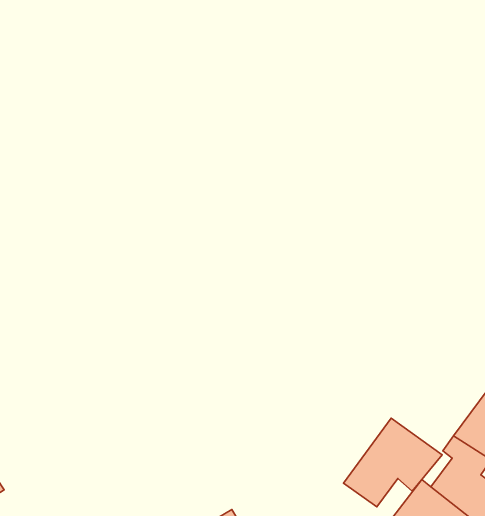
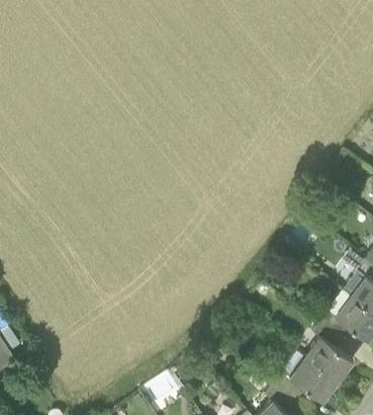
building: [344,418,442,507] -> none

